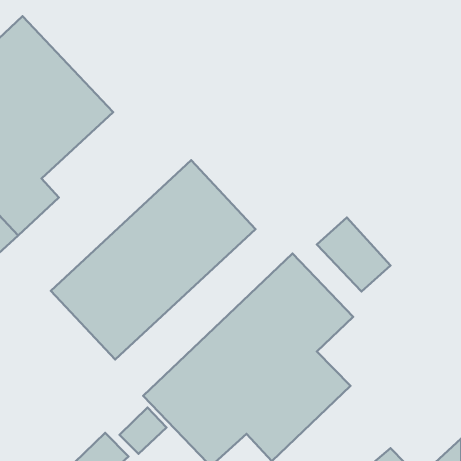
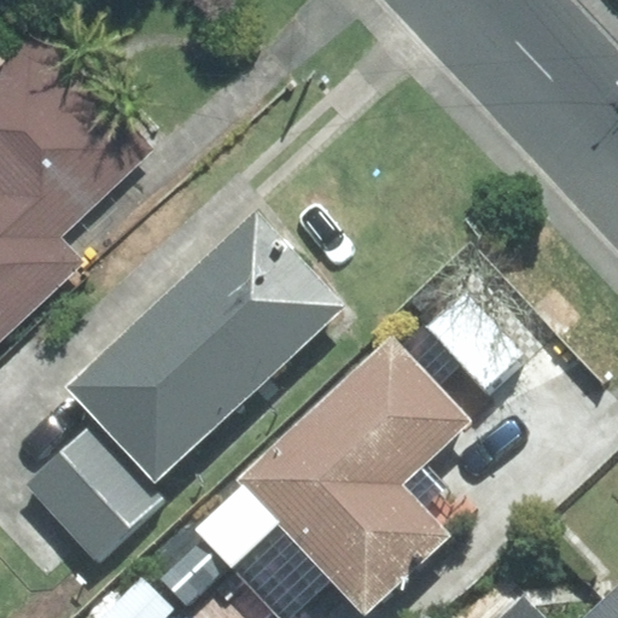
building: none -> [23,425,162,564]

